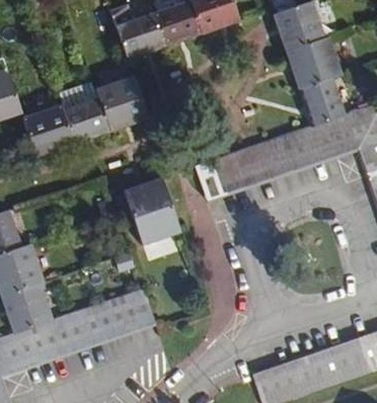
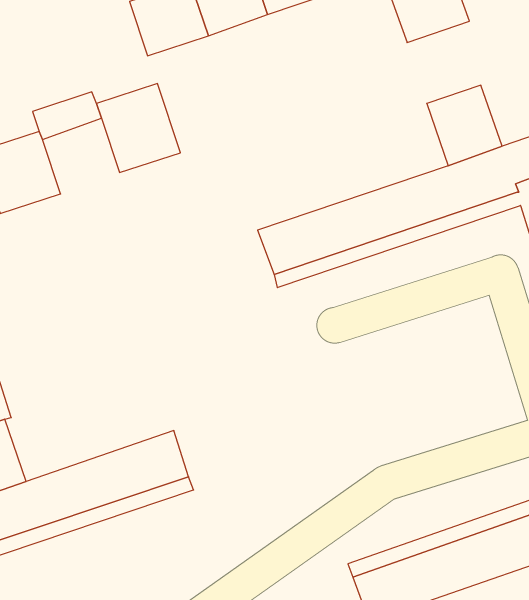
building: [288,35,343,87] -> none
building: [63,96,110,143] -> none
building: [124,177,180,245] -> none

